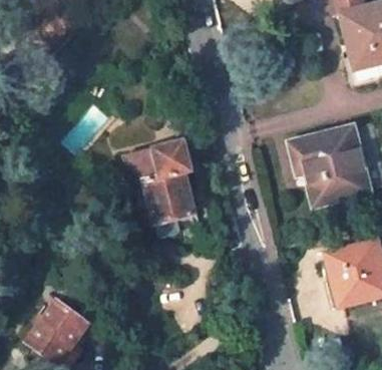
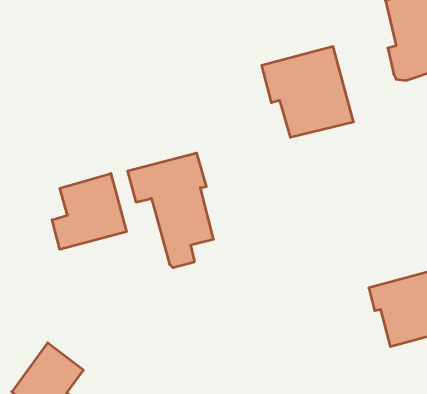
building: [291,126,368,203] -> [262,47,354,137]
building: none -> [52,173,126,249]

